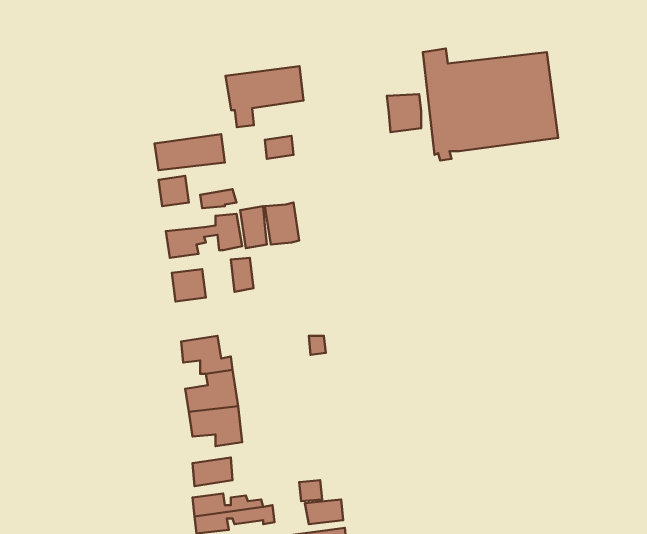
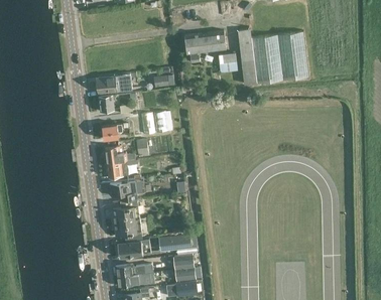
building: [225,66,303,127] -> [183,31,225,63]
building: none -> [106,161,135,178]
building: none -> [157,234,189,252]

